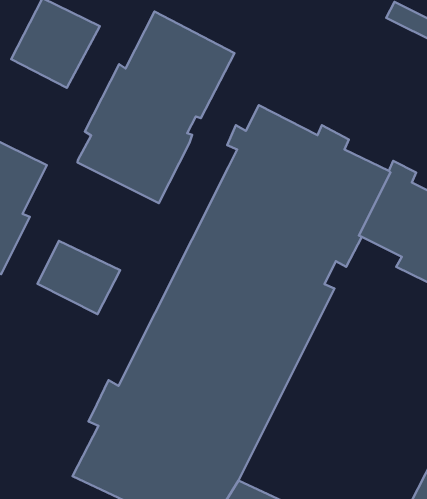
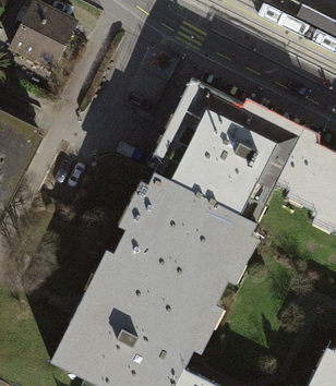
building: [77,11,235,203] -> none
building: [37,241,120,314] -> none

